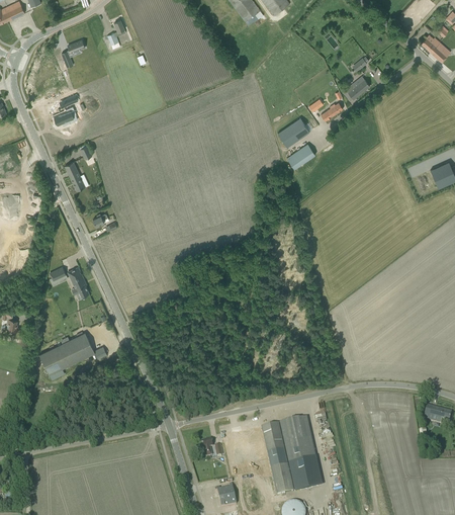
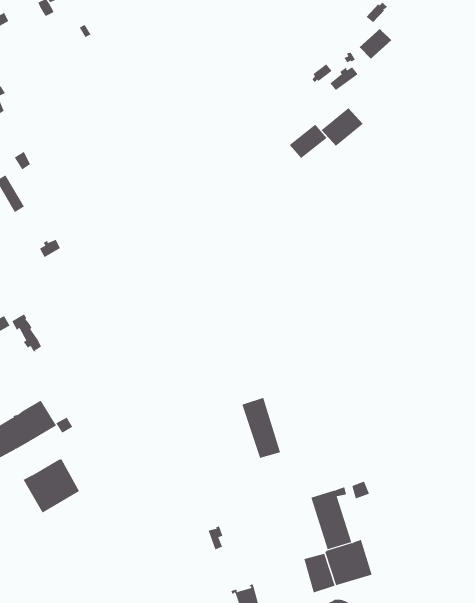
building: [277,118,309,147] -> [321,107,363,146]
building: none -> [23,458,80,513]
building: [261,423,287,468] -> [241,397,281,458]

